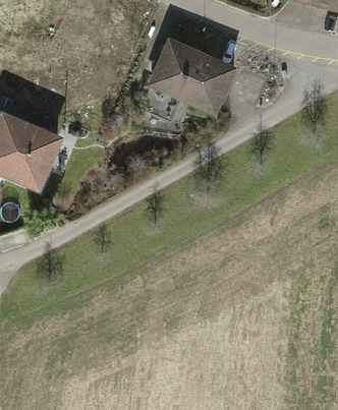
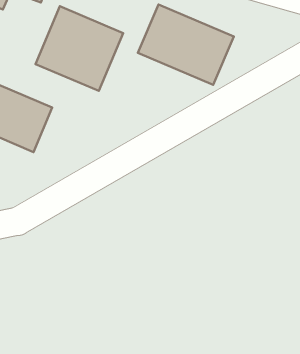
building: none -> [36,6,123,91]

